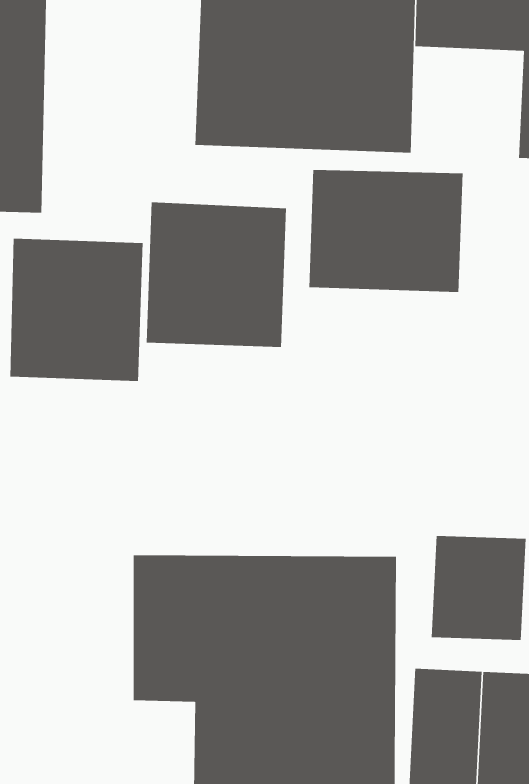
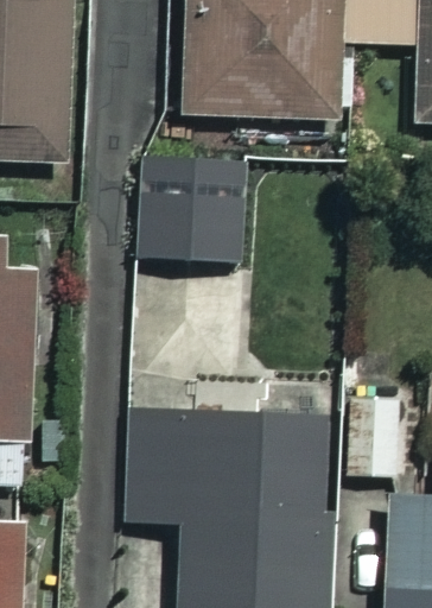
building: [309,169,463,293] -> none
building: [10,238,143,382] -> none

